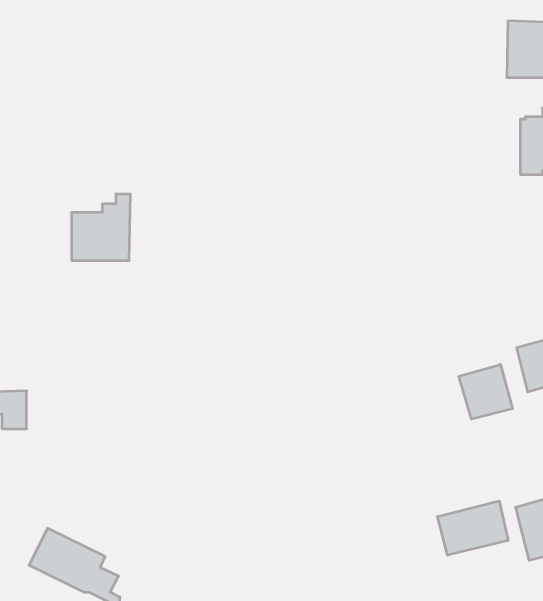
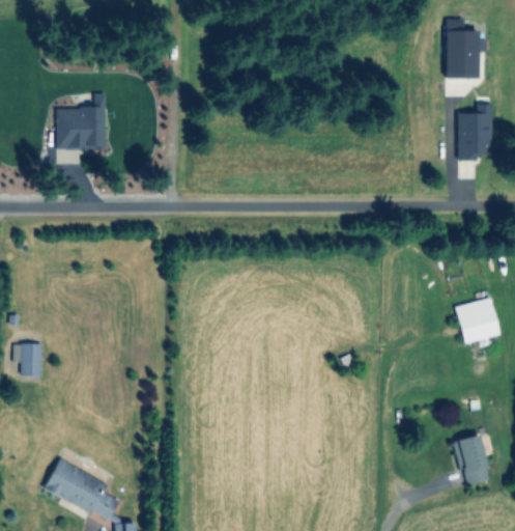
building: [72,194,130,260] -> [56,94,106,150]
building: [459,364,513,419] -> none
building: [438,501,508,555] -> none

